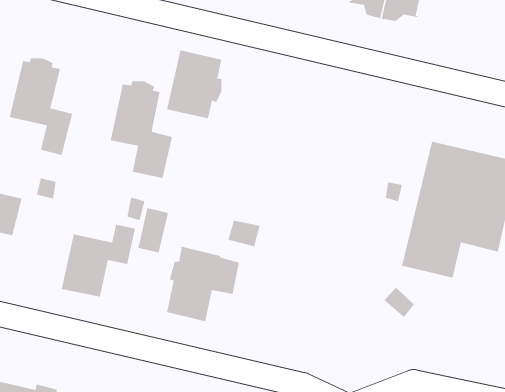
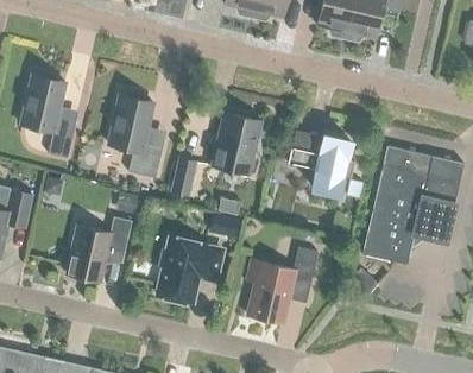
building: [166,50,222,119] -> [212,113,260,173]
building: none -> [288,135,354,194]
building: [137,207,169,254] -> [170,156,197,196]
building: none -> [246,247,317,323]

